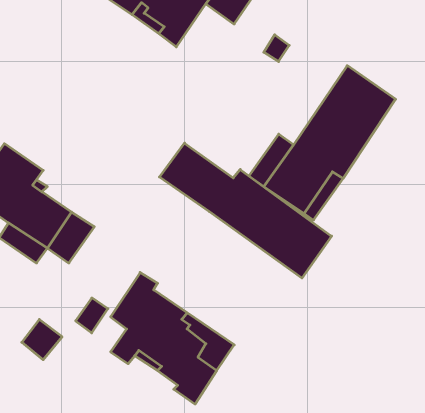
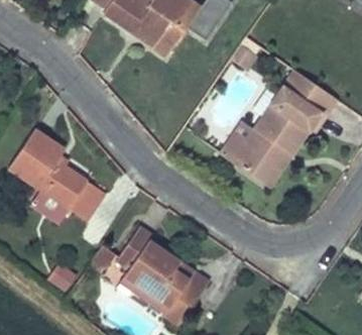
building: [159,143,332,278] -> none

